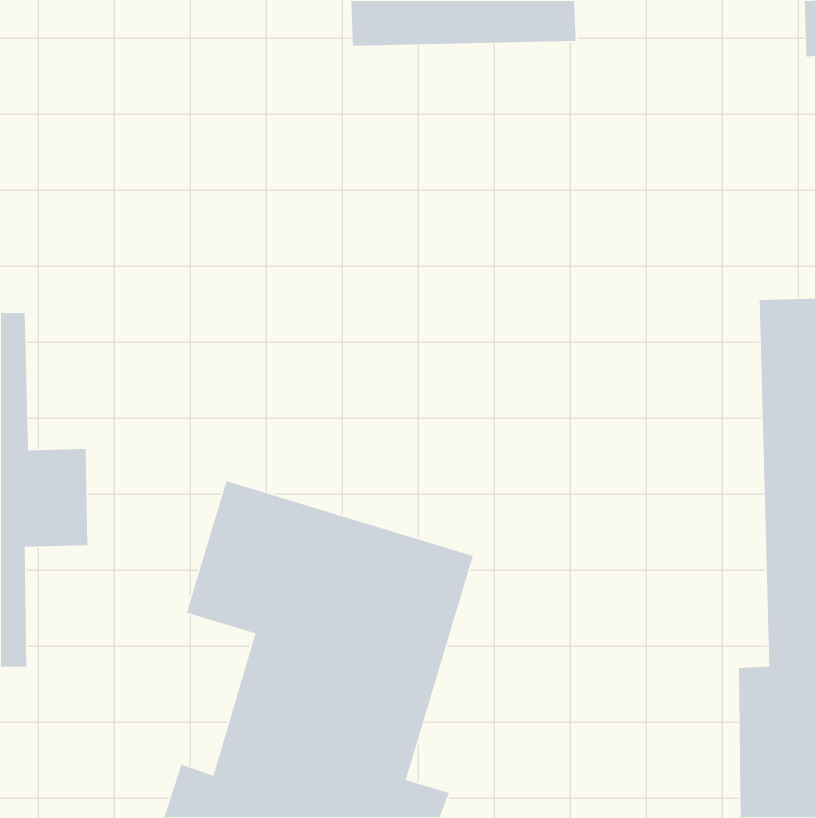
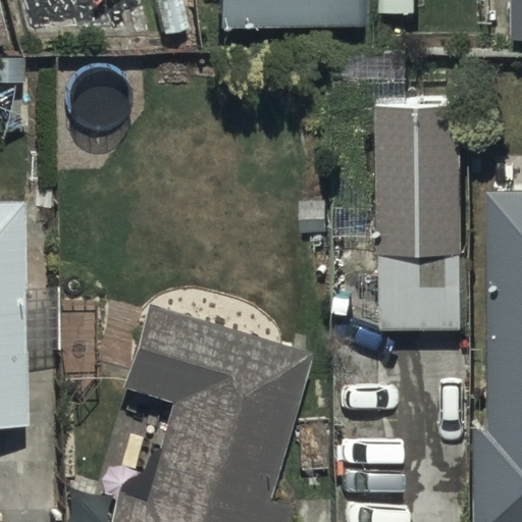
building: none -> [376,100,462,325]

